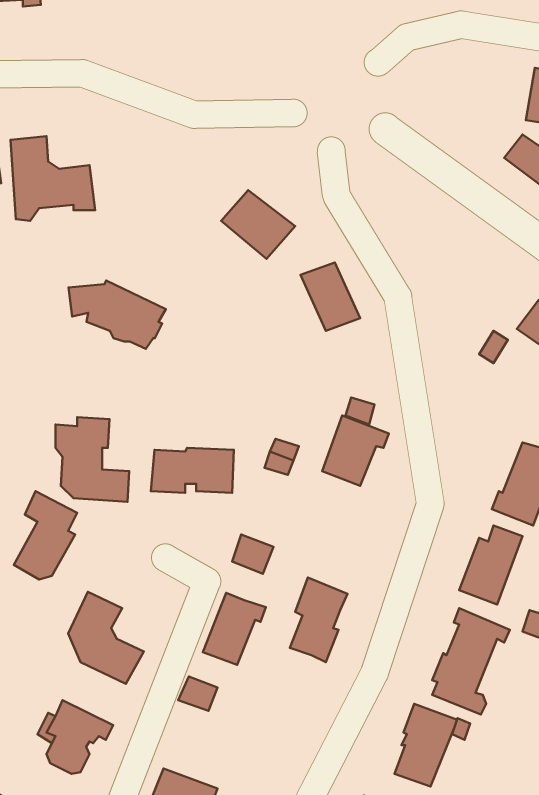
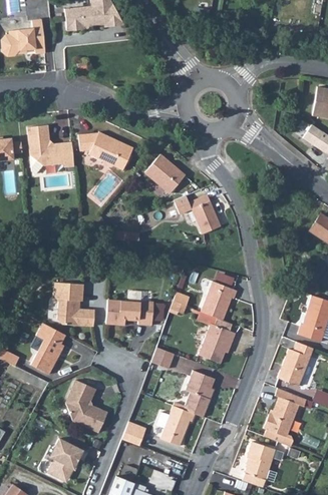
building: [68,280,166,349] -> [79,129,133,167]
building: none -> [200,324,237,364]
building: [203,593,266,665] -> [160,406,196,446]

